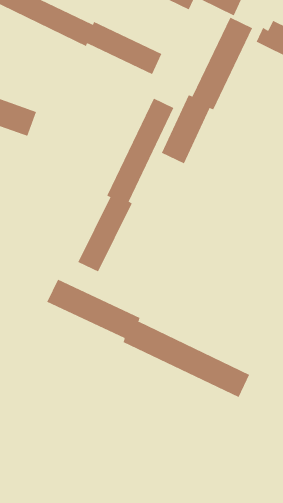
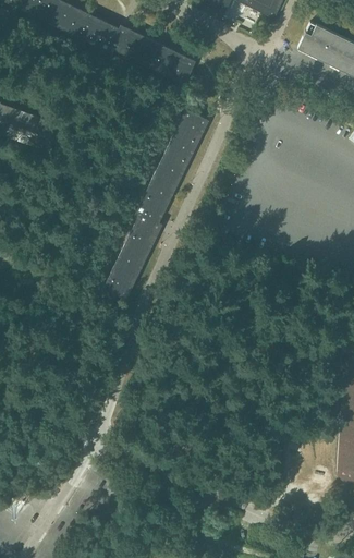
building: [161,17,253,164] -> none
building: [47,279,250,398] -> none

